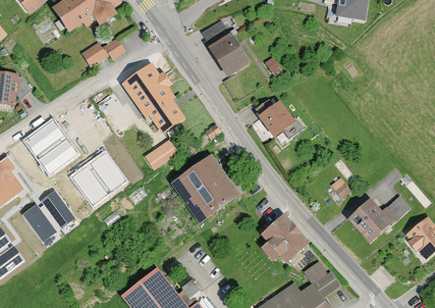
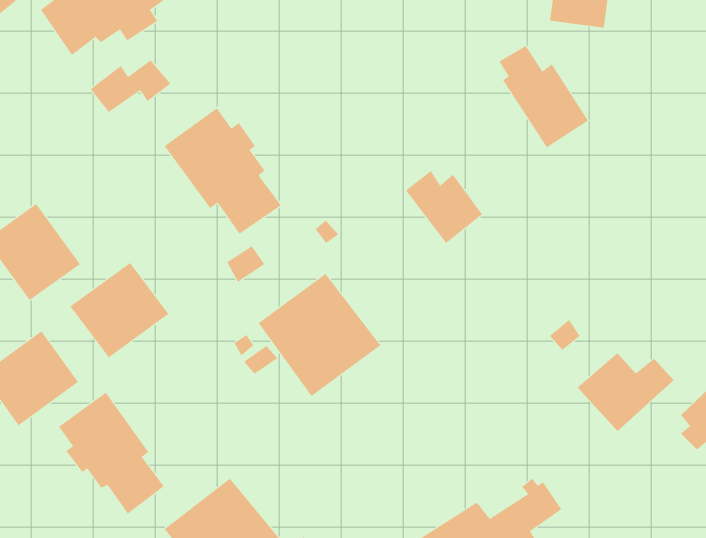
building: [202,21,252,79] -> [499,45,589,148]
building: [261,213,312,264] -> none
building: none -> [58,392,164,514]

